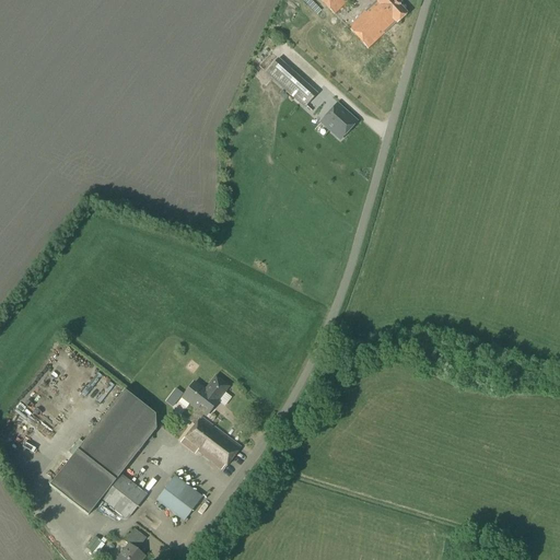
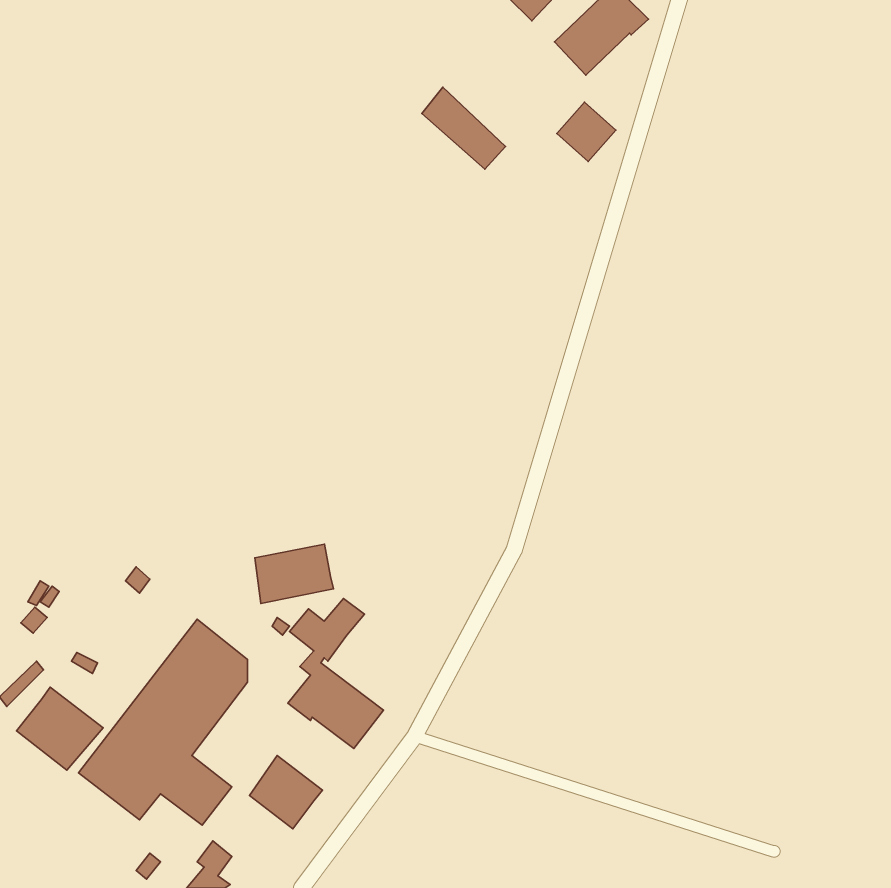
building: [319,102,357,139] -> [557,102,616,161]
building: none -> [255,544,334,603]
building: none -> [17,687,103,770]

